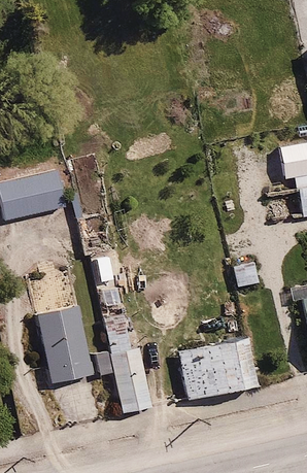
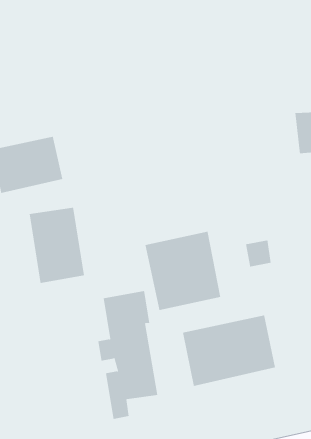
building: none -> [145,231,221,311]
building: [38,310,91,381] -> [29,207,85,283]

